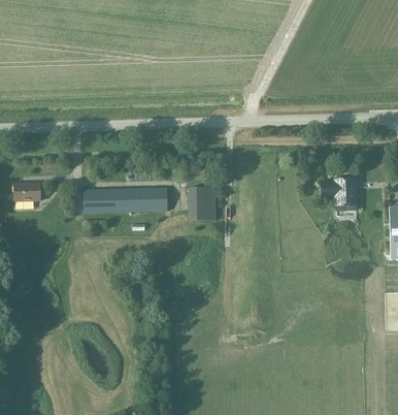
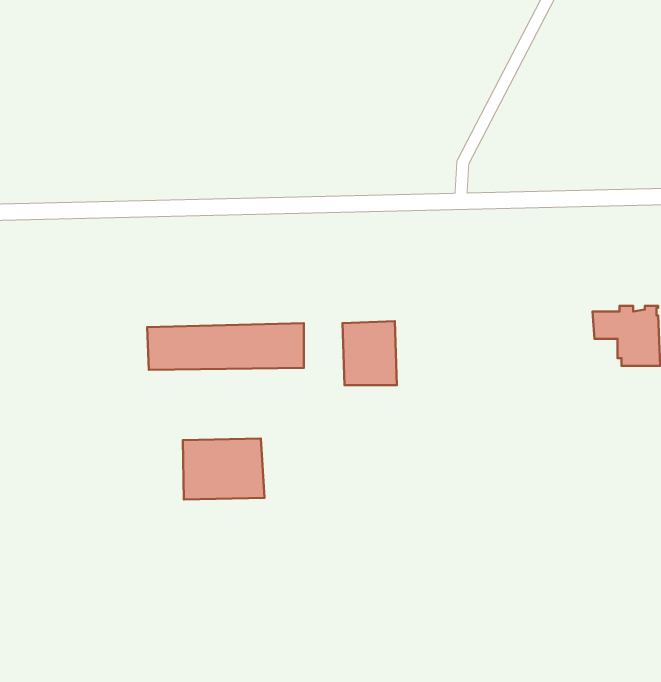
building: [13,183,41,201] -> none
building: none -> [183,438,264,500]

